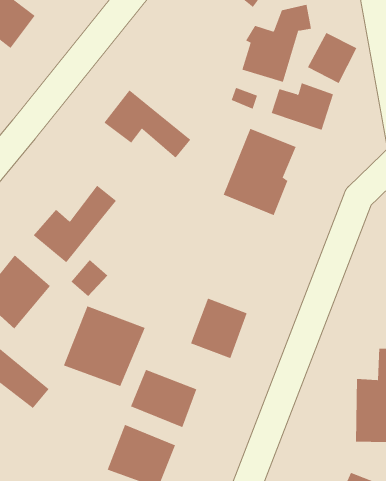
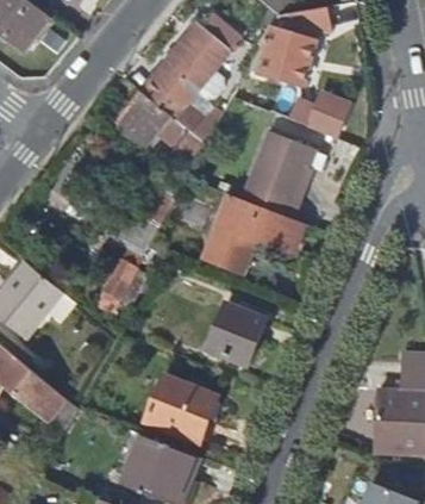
building: none -> [145,24,240,117]
building: [307,32,357,84] -> none
building: [33,185,117,263] -> none
building: none -> [199,192,302,272]
building: [63,305,145,387] -> none

